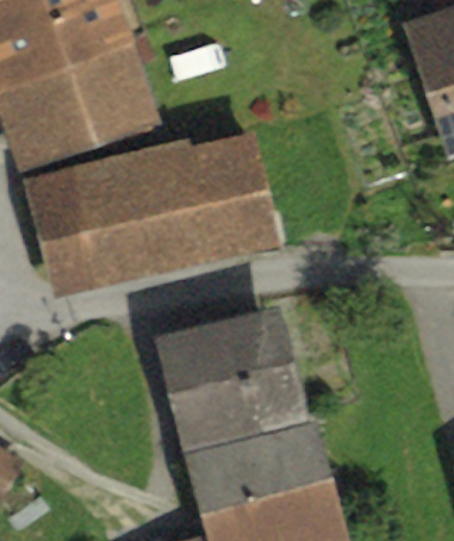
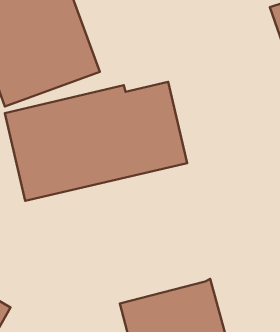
building: [154,304,309,453] -> none

